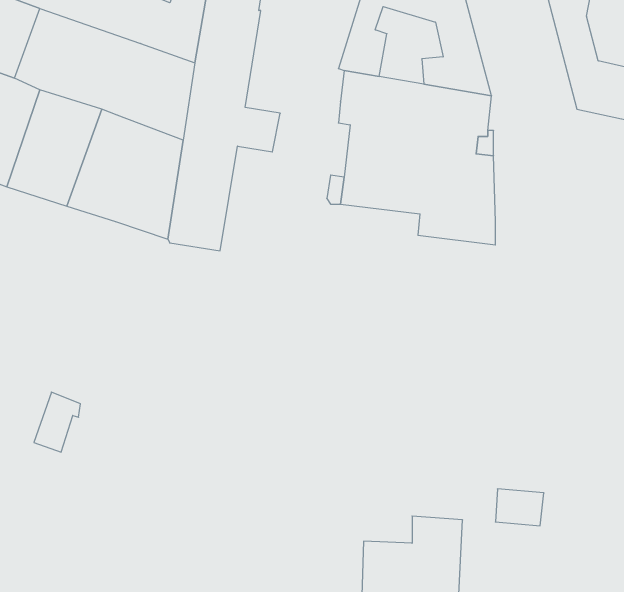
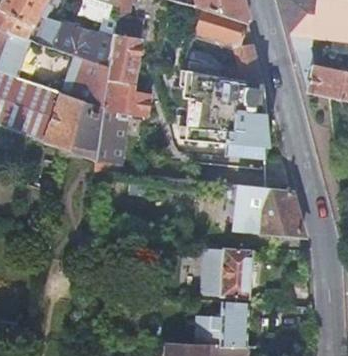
building: none -> [70,57,110,107]
building: none -> [236,185,303,235]
building: none -> [202,247,251,301]

